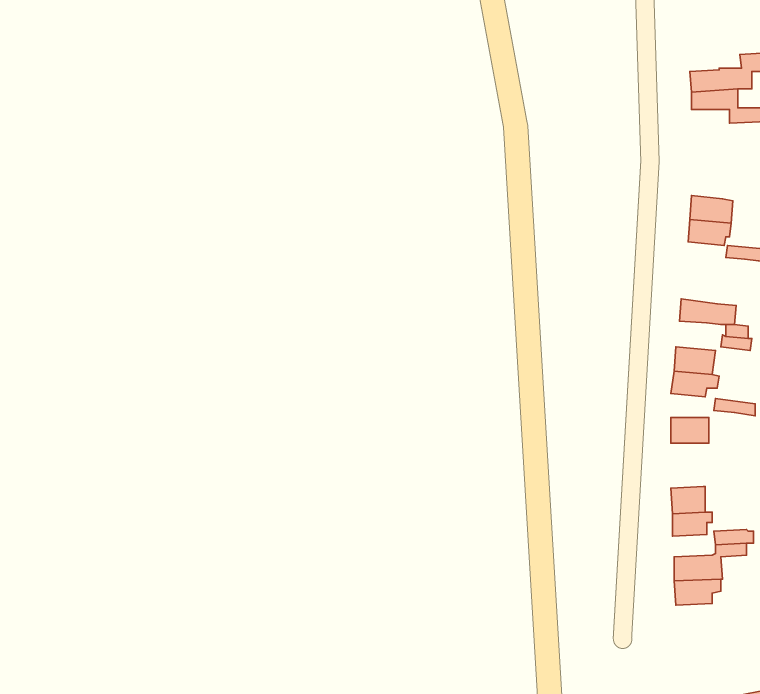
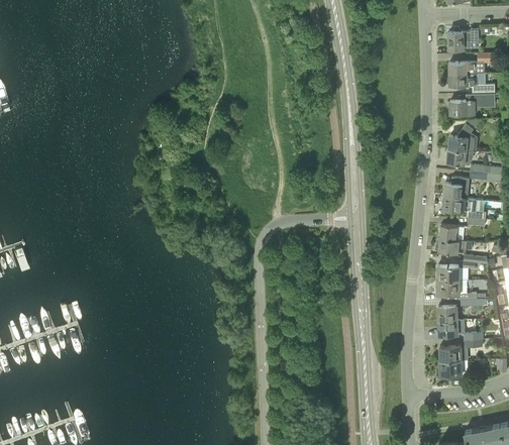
building: none -> [448,29,478,48]
building: none -> [449,94,475,115]
building: none -> [443,177,468,199]
building: none -> [437,281,477,300]

